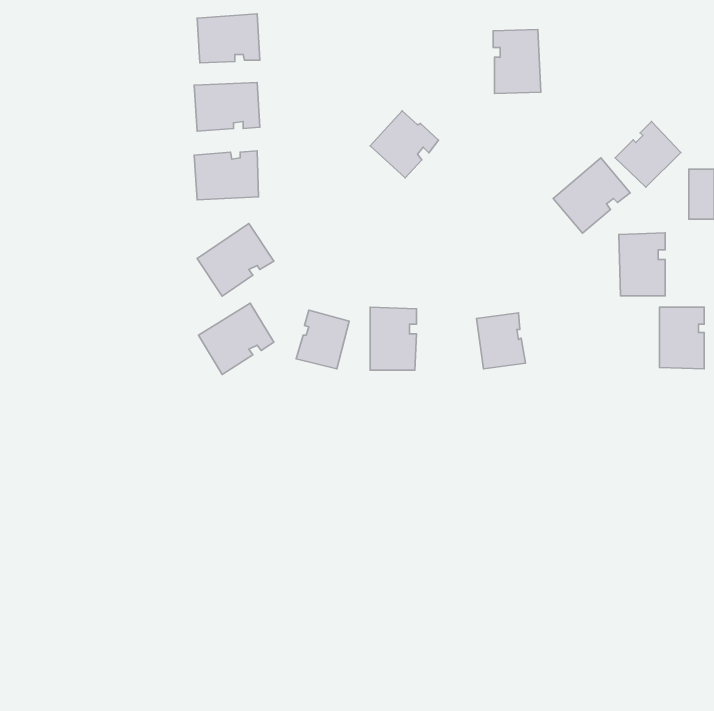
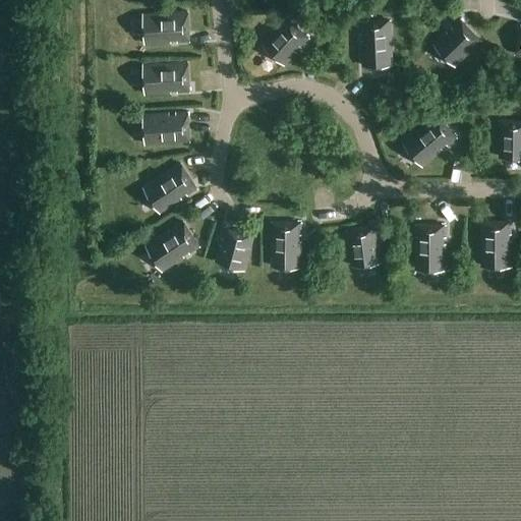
building: [370,111,439,178] -> [258,17,308,66]
building: [615,122,681,187] -> [433,19,481,67]
building: [619,233,665,296] -> [414,226,448,272]

